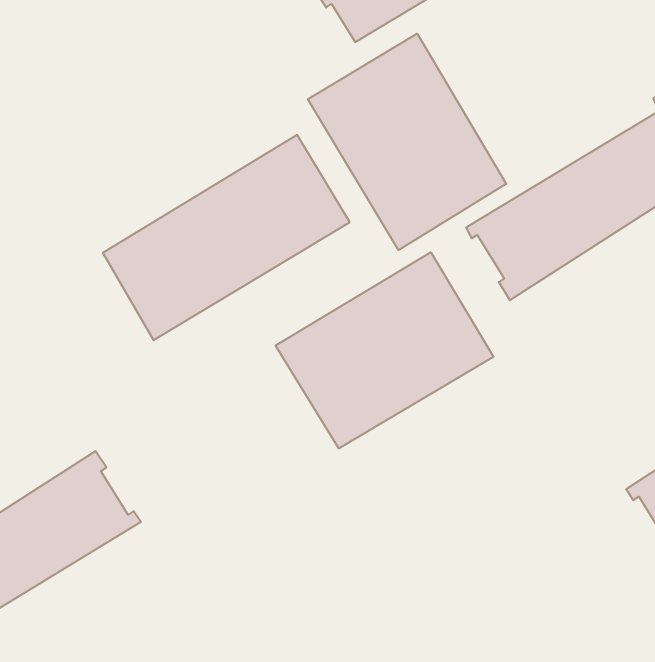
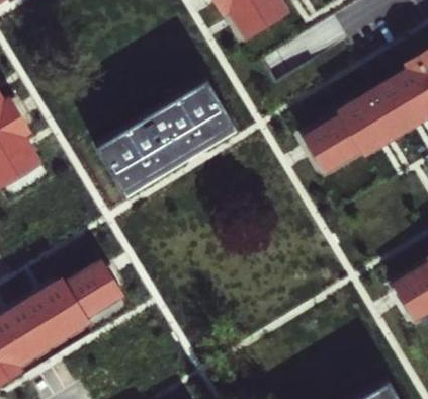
building: [308,34,506,250] -> none
building: [276,252,494,449] -> none

